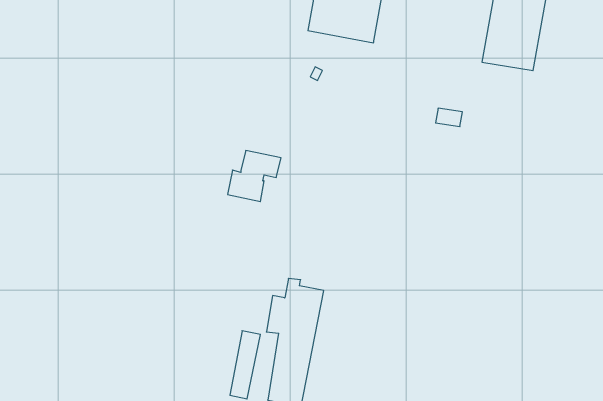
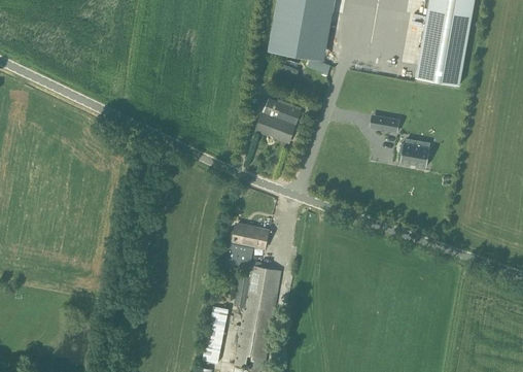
building: none -> [254,99,301,144]
building: none -> [398,139,429,168]
building: [228,151,281,202] -> [221,226,267,269]

